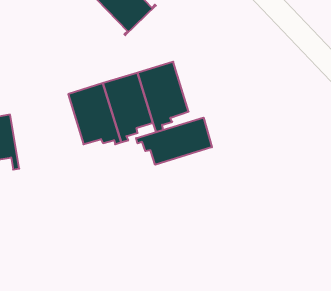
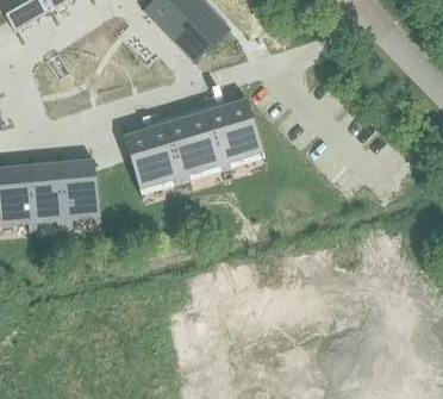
building: none -> [57,151,100,220]
building: [136,118,212,165] -> none

